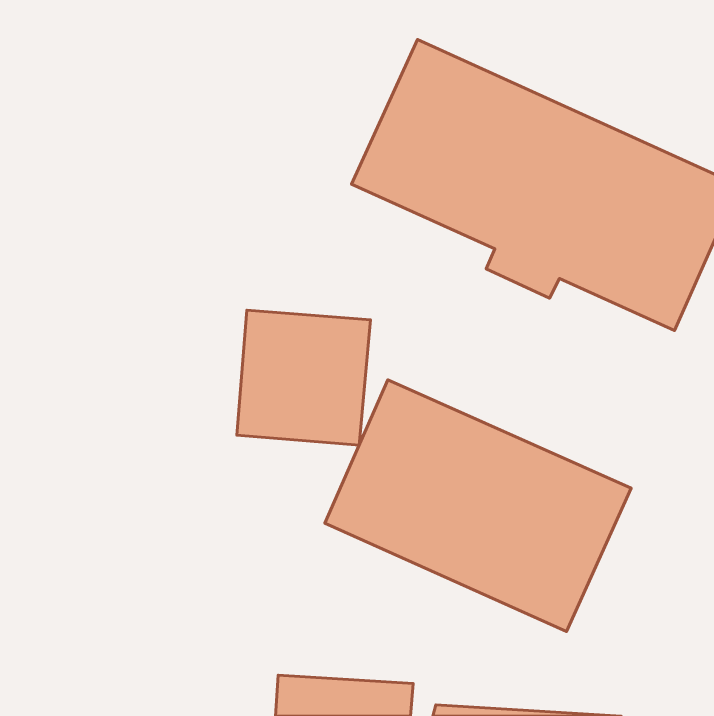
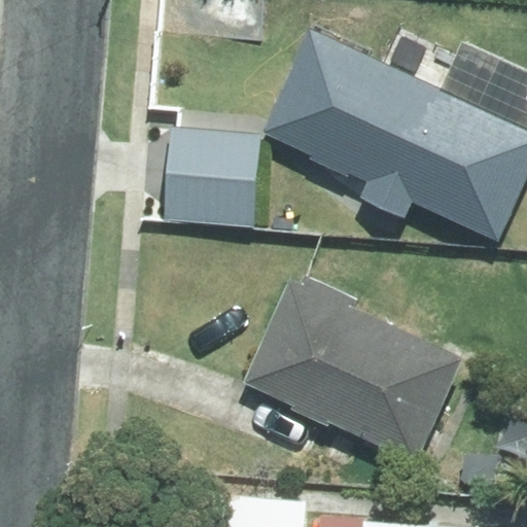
building: [237,310,370,445] -> [163,126,260,224]

